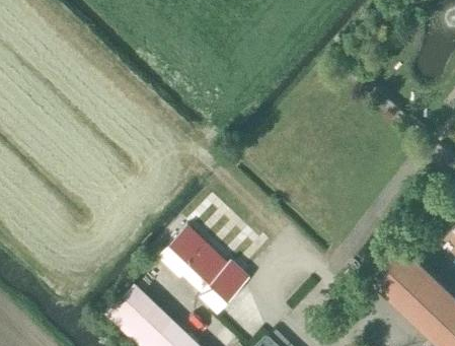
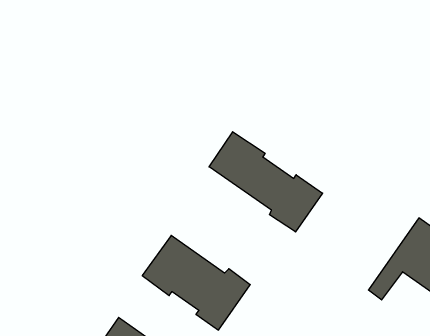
building: none -> [209,132,323,232]

